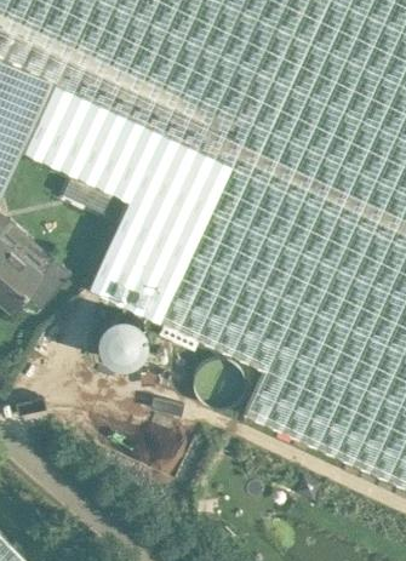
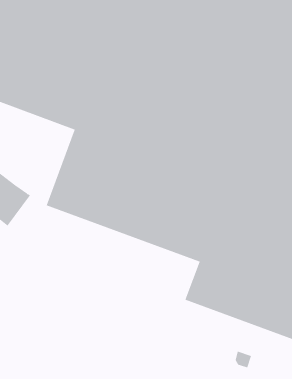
building: [96,314,145,363] -> none

